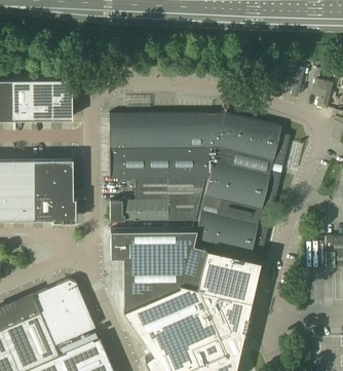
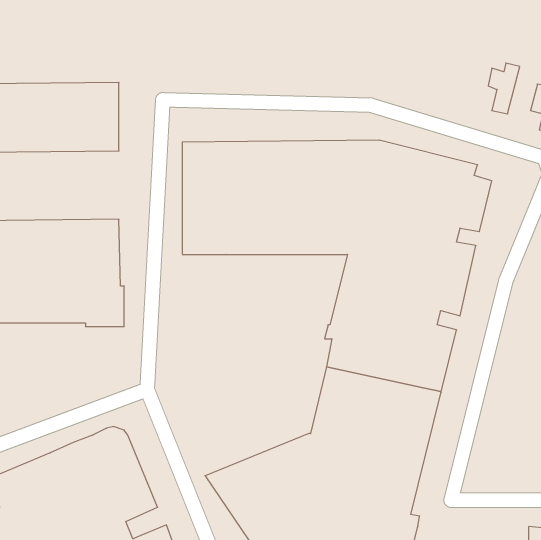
building: [110,180,205,222] -> none
building: [110,229,196,309] -> none

